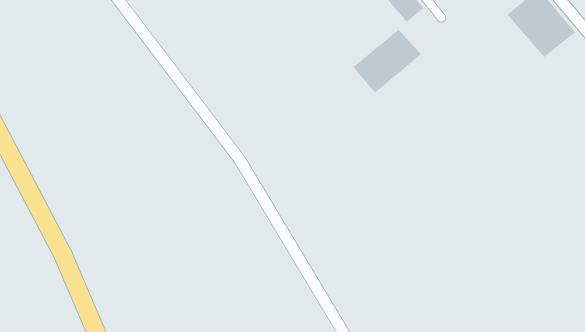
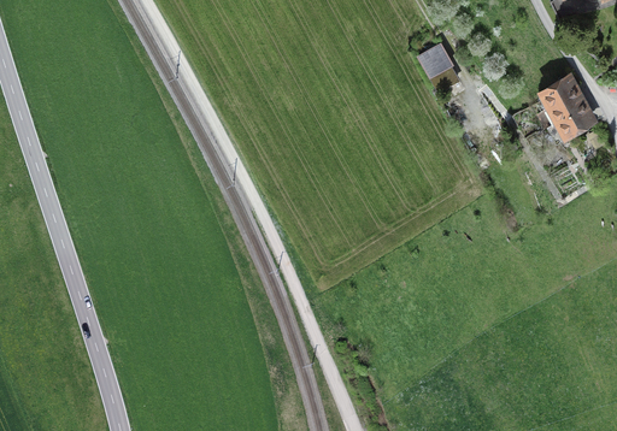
building: [352,29,422,94] -> none

